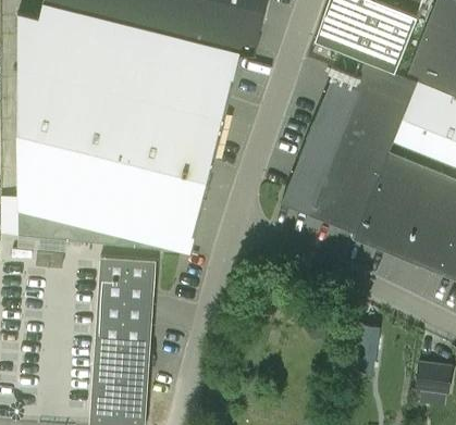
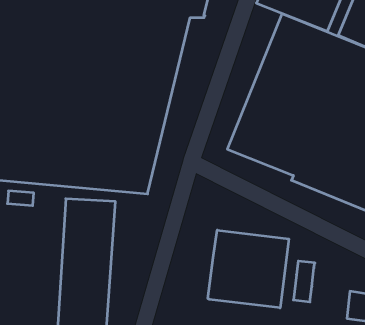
building: none -> [208,230,289,308]

